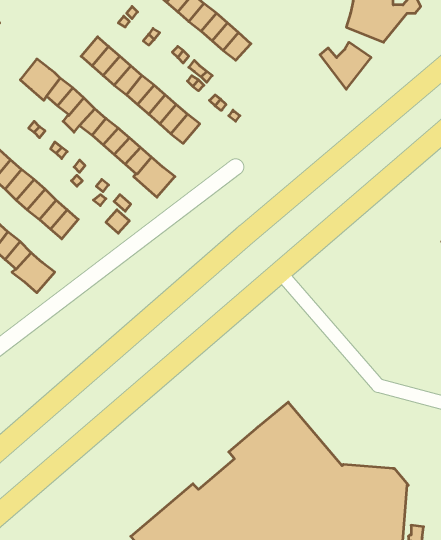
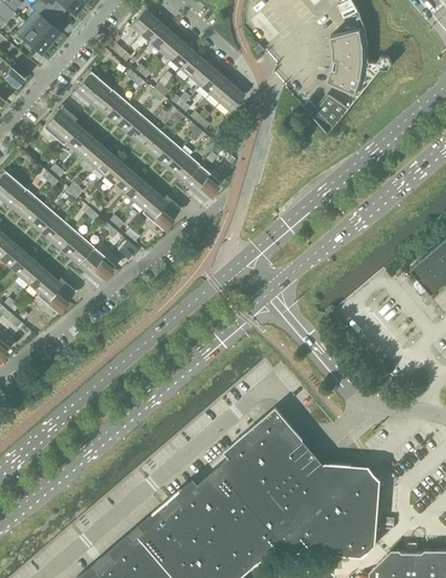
building: none -> [76,71,111,106]
building: none -> [186,165,221,200]
building: none -> [80,248,115,282]

